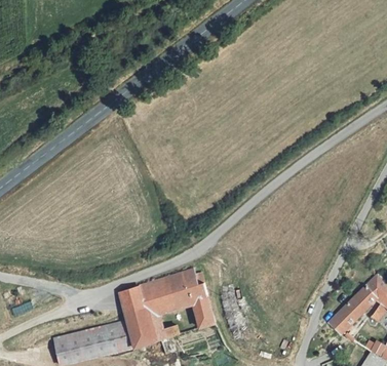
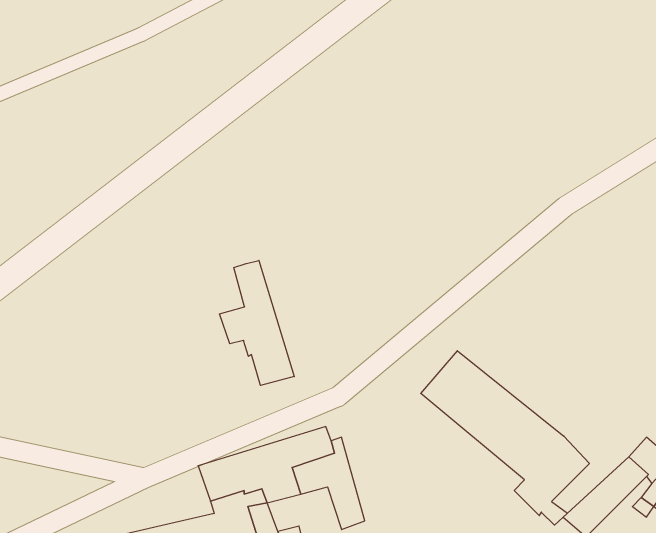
building: none -> [219,260,294,385]
building: none -> [421,351,589,525]

